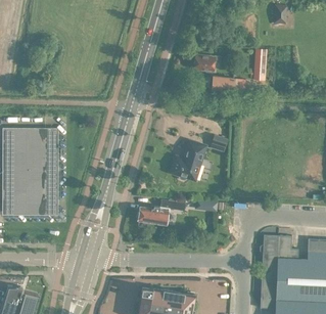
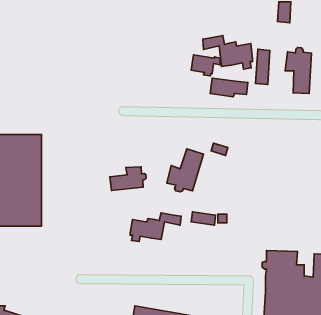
building: none -> [203,35,253,69]
building: none -> [285,47,312,93]
building: none -> [110,167,146,190]

